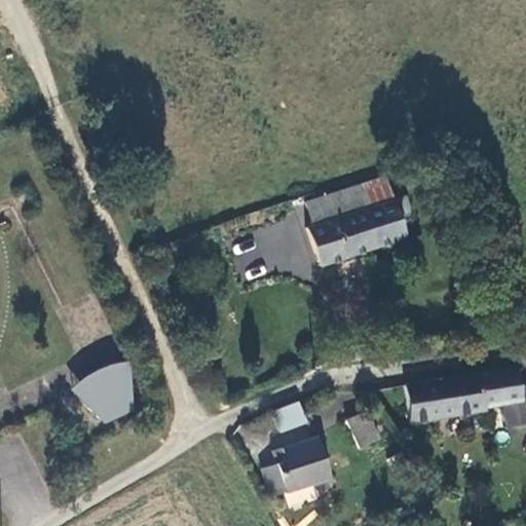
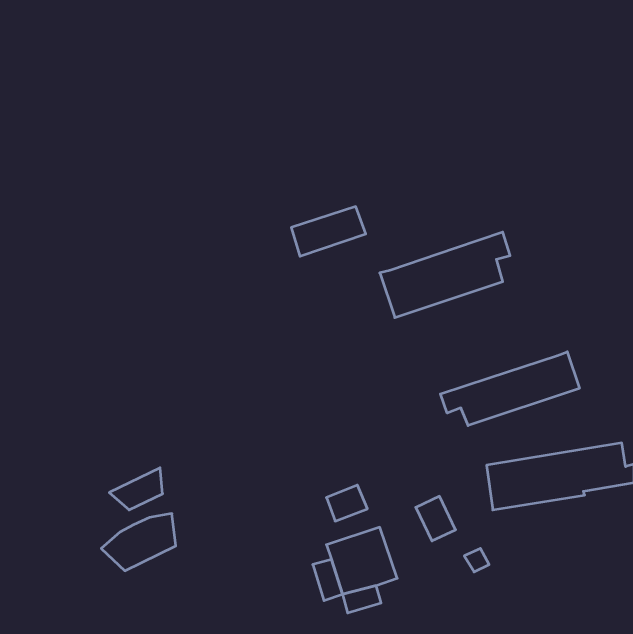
building: [316,183,378,224] -> [291,207,366,256]
building: none -> [440,352,579,426]
building: [72,361,134,408] -> [101,514,176,571]

